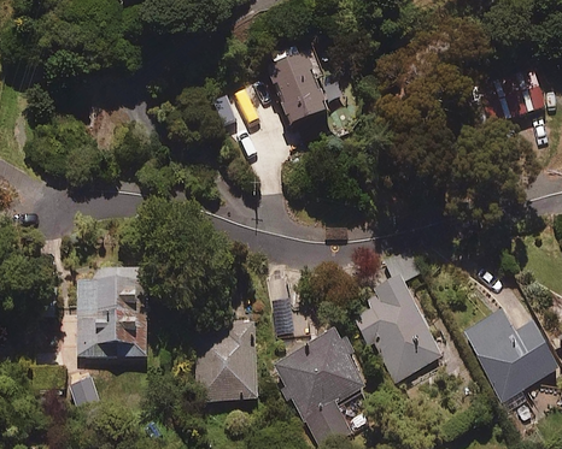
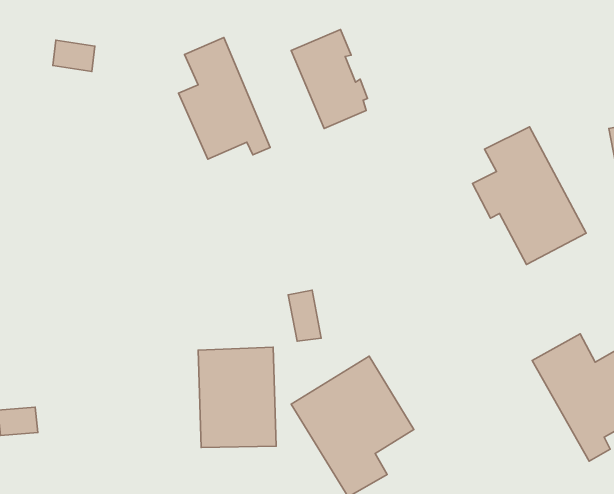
building: none -> [178,38,270,159]
building: [77,266,148,356] -> none
building: [352,270,444,380] -> [472,127,586,264]

